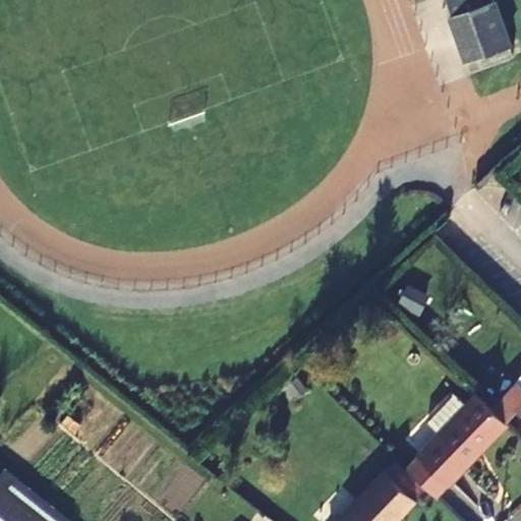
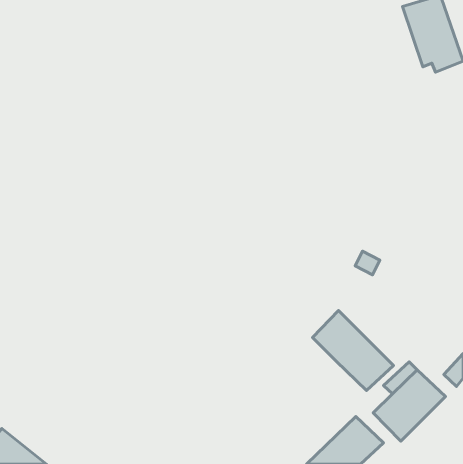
building: none -> [312,311,394,391]

